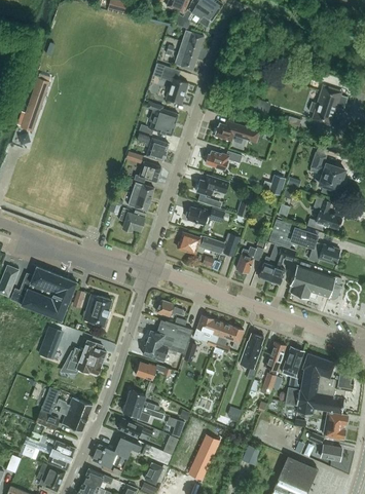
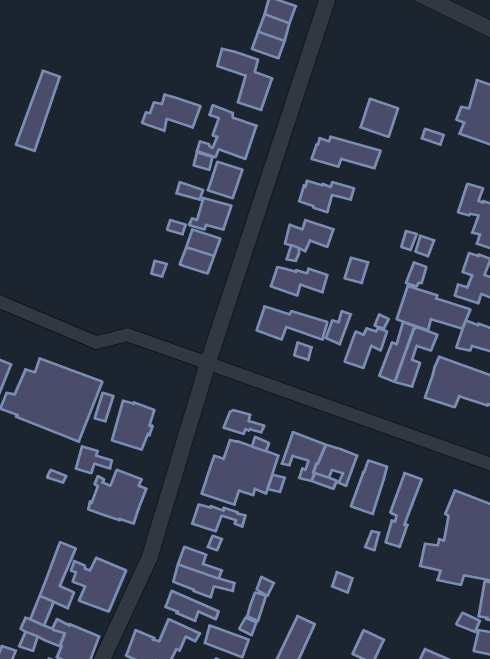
building: none -> [142,94,200,131]
building: [119,211,145,232] -> none
building: [283,348,303,389] -> none

